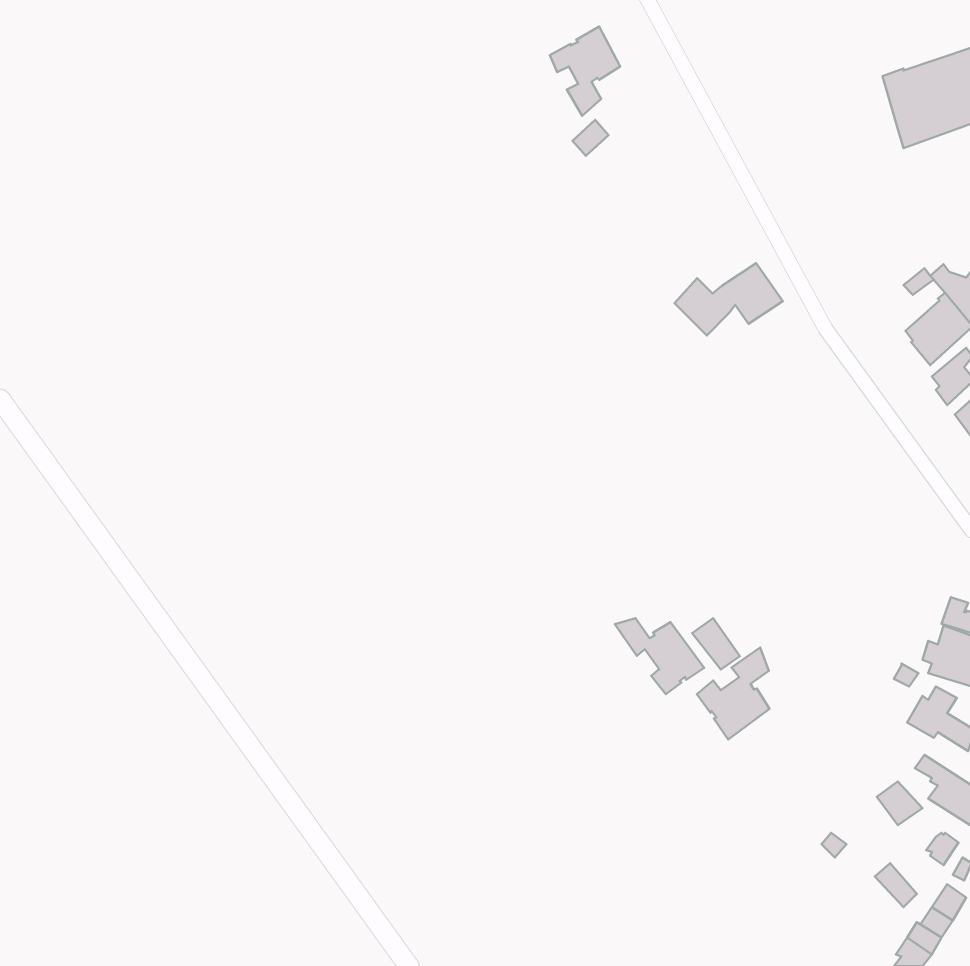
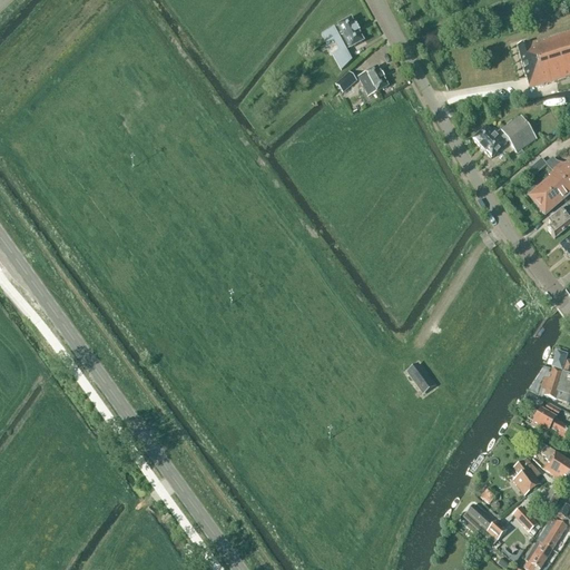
building: none -> [358,65,389,95]
building: [674,263,783,335] -> [473,115,537,157]
building: [615,618,704,694] -> none
building: [697,647,769,740] -> none
building: none -> [463,503,507,544]

